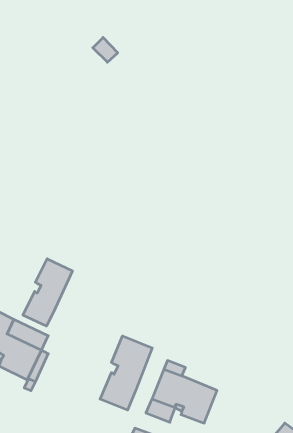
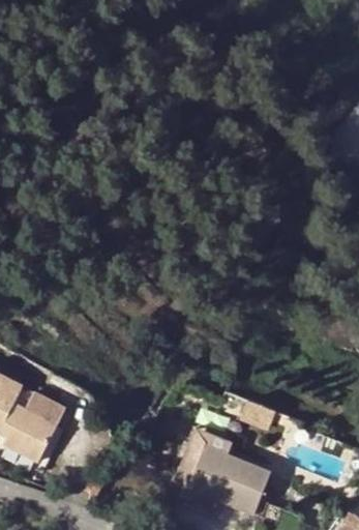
building: [23,259,72,326] -> none
building: [100,336,152,410] -> none

